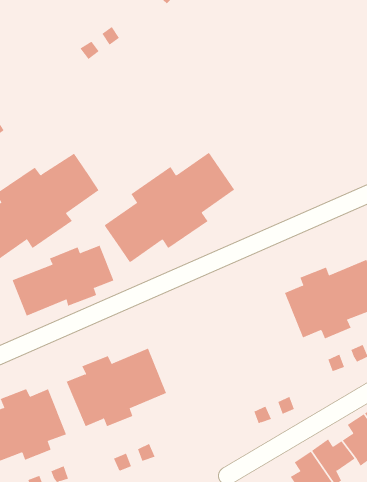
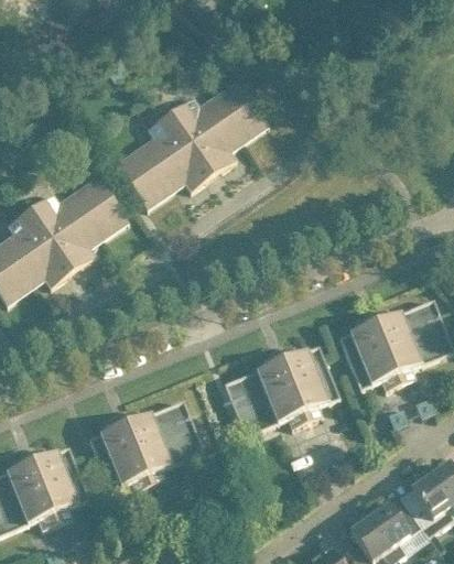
building: [103,151,236,264] -> [115,78,268,208]
building: [12,245,114,316] -> none
building: none -> [224,345,339,435]

